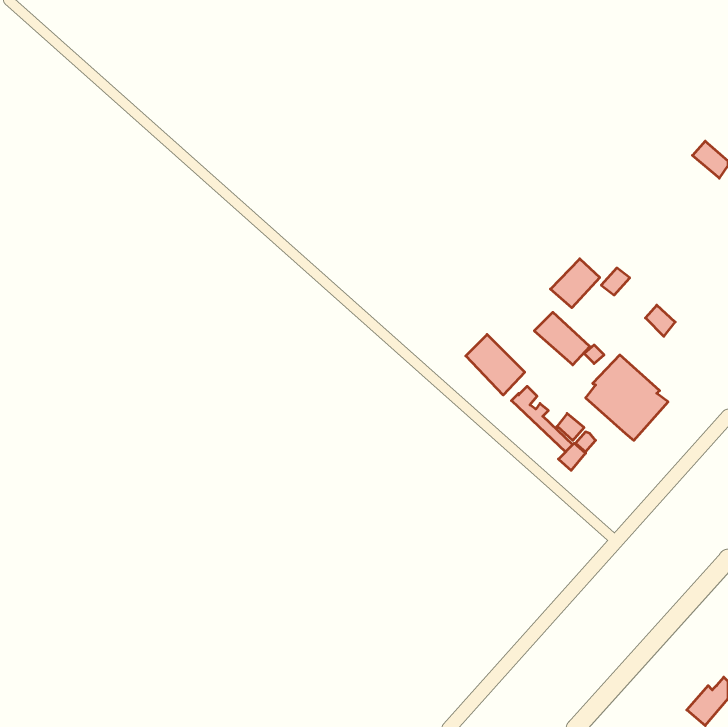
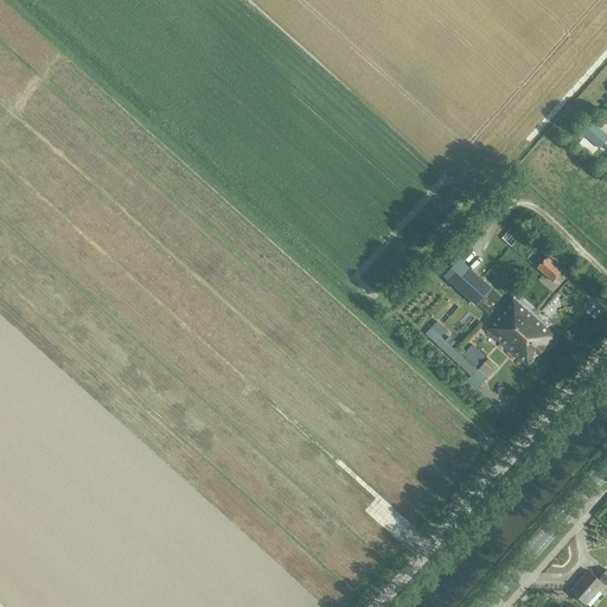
building: [550,259,600,308] -> none
building: [466,334,525,395] -> none

